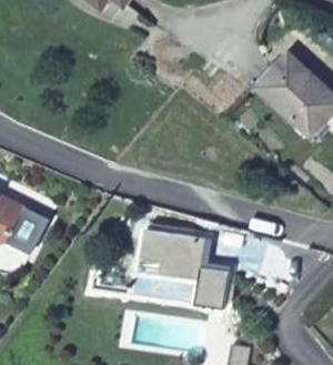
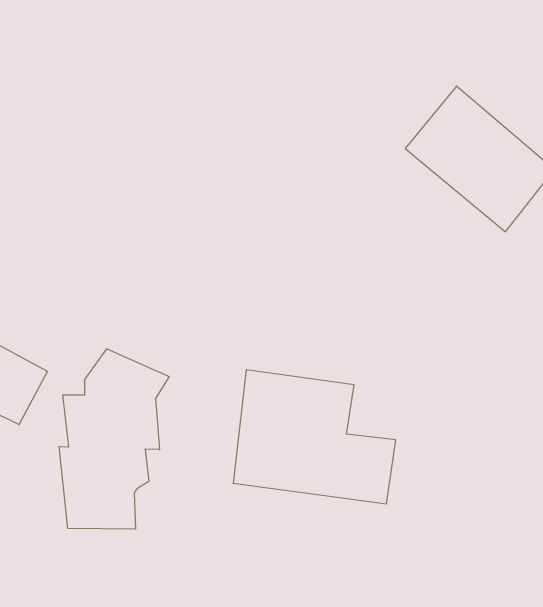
building: none -> [59,349,169,529]

